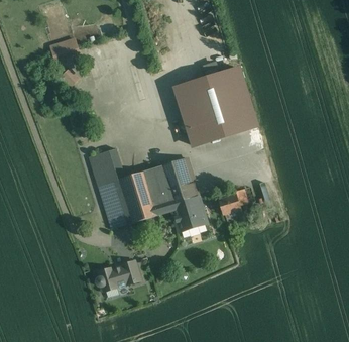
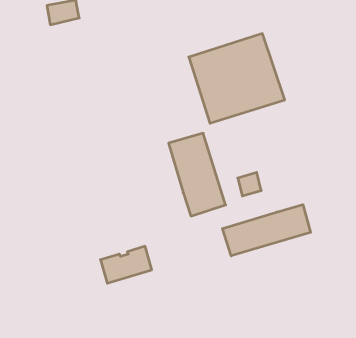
building: [88,147,168,228] -> none
building: none -> [222,205,311,256]

